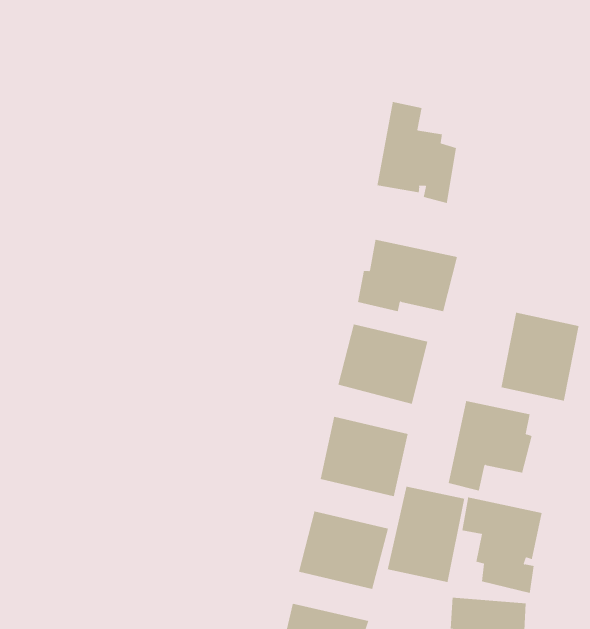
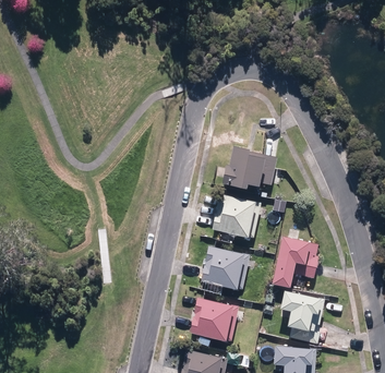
building: [377,101,456,204] -> none
building: [501,312,579,401] -> none
building: [387,486,465,583] -> none

